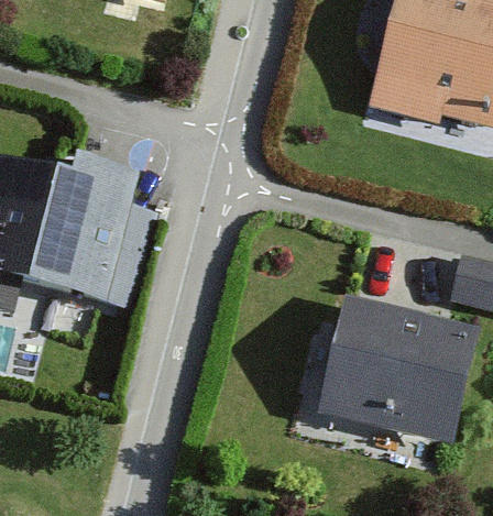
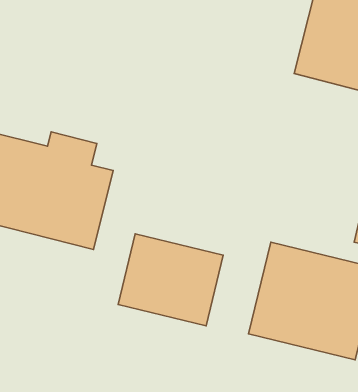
building: none -> [118,234,223,326]

